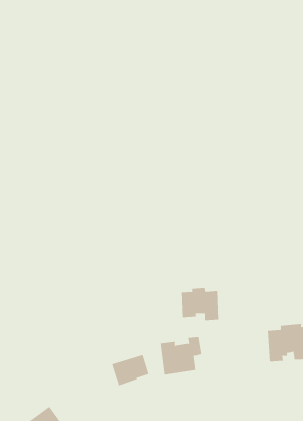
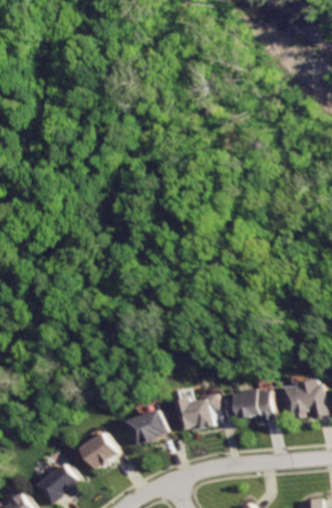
building: [181,287,219,321] -> [236,387,275,421]
building: none -> [79,432,117,467]

